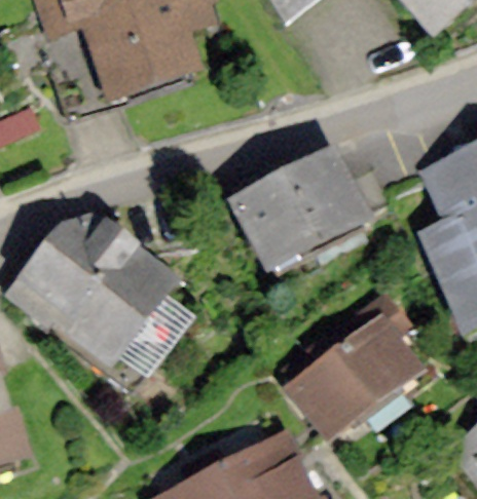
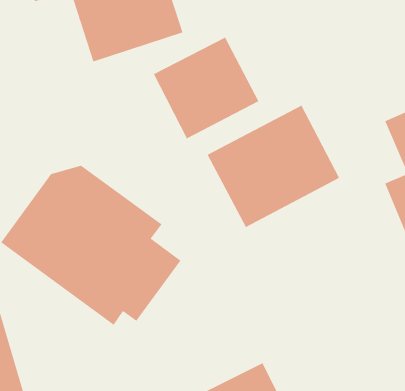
building: none -> [153,36,259,140]
building: [281,285,426,447] -> none

